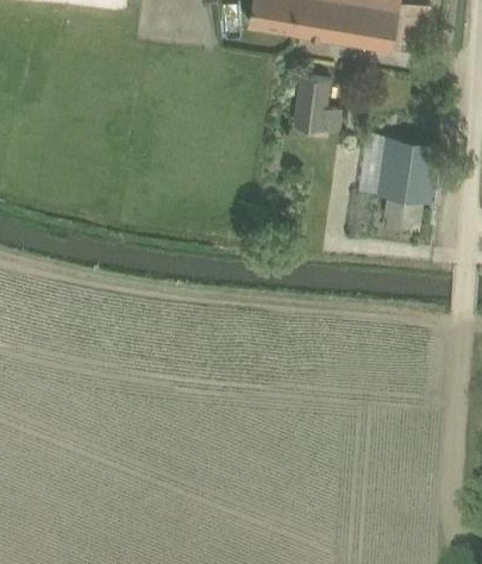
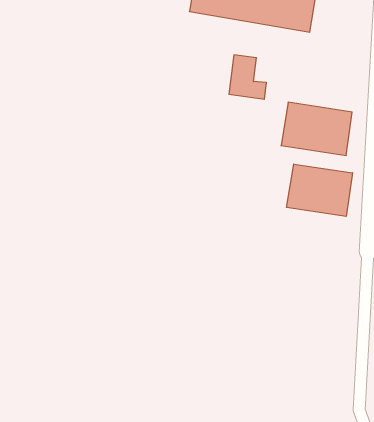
building: none -> [287,164,352,216]

